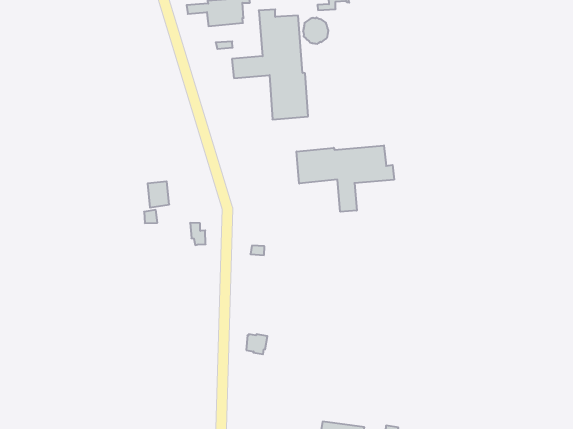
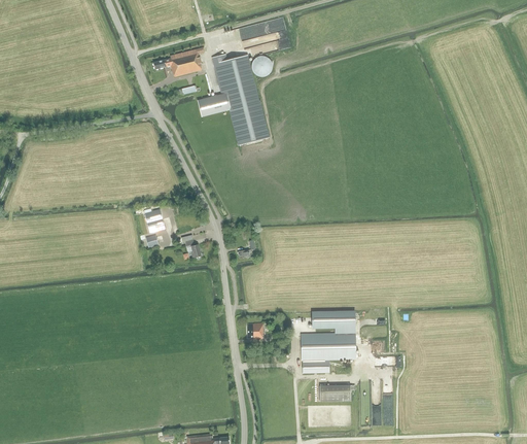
building: [297,145,394,212] -> none
building: none -> [302,311,356,372]

